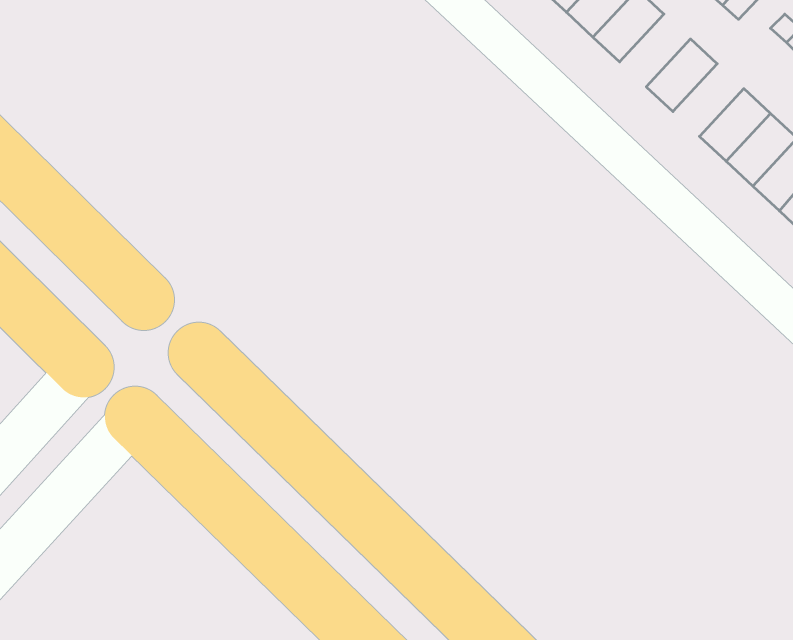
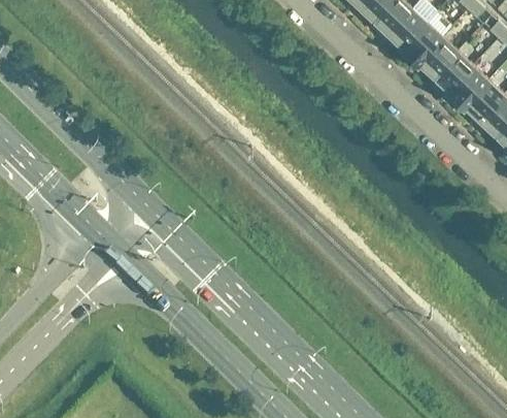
building: none -> [401,22,442,64]
building: none -> [432,51,473,93]

